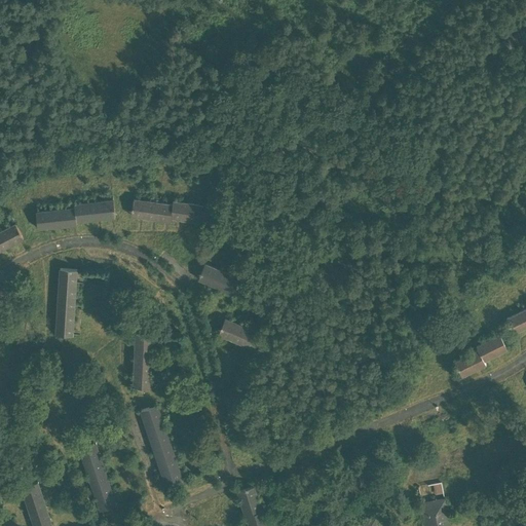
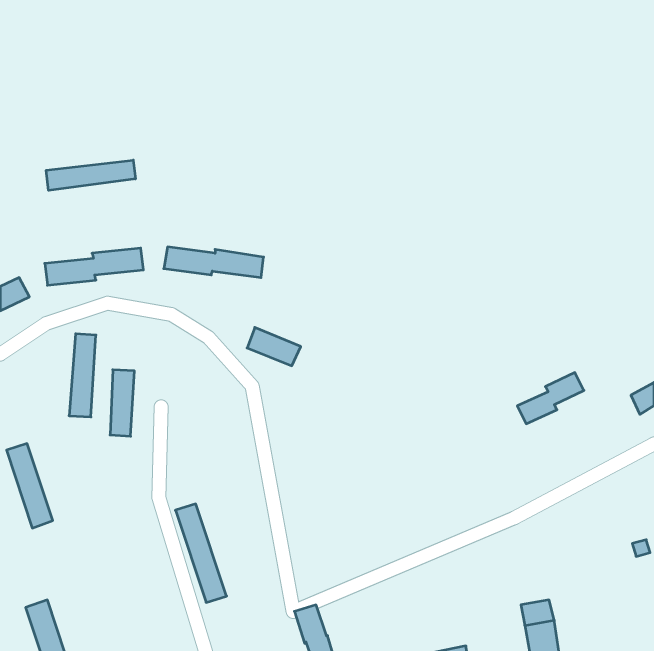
building: none -> [46,160,135,190]
building: [218,320,262,351] -> none
building: [134,336,153,389] -> [110,370,134,436]
building: [454,336,508,377] -> [517,373,584,424]
building: [79,445,116,513] -> [7,444,53,528]

